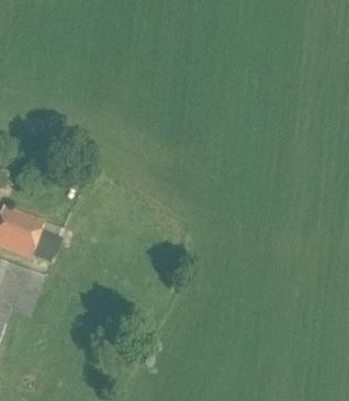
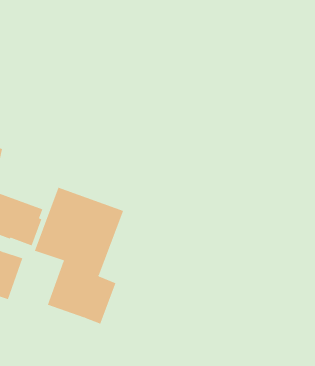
building: none -> [34,187,124,325]

